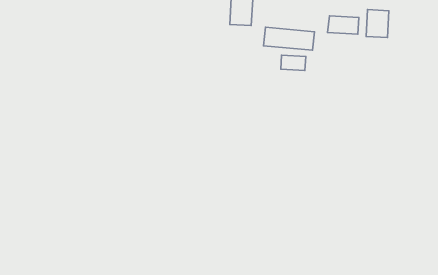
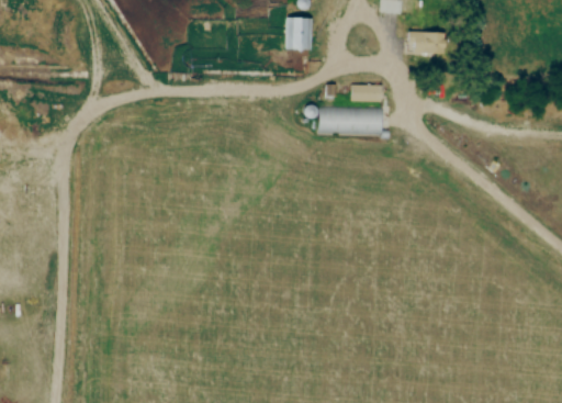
building: [366,10,389,38] -> none
building: [264,27,314,50] -> [316,109,378,134]

